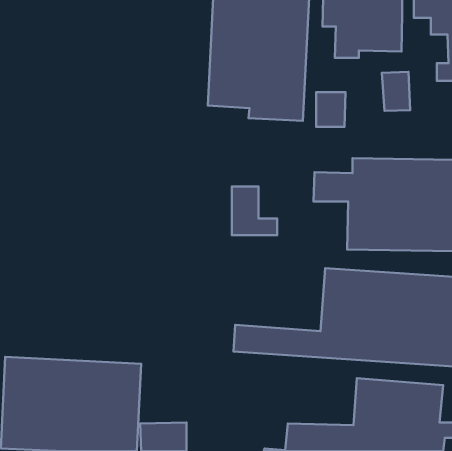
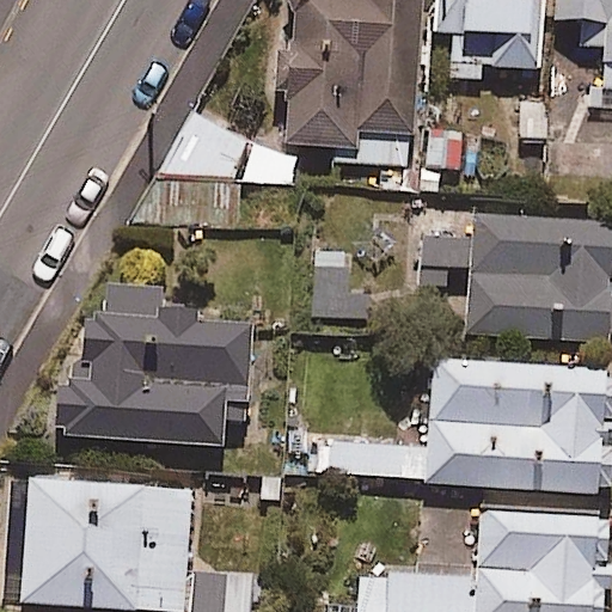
building: none -> [62,288,252,443]

